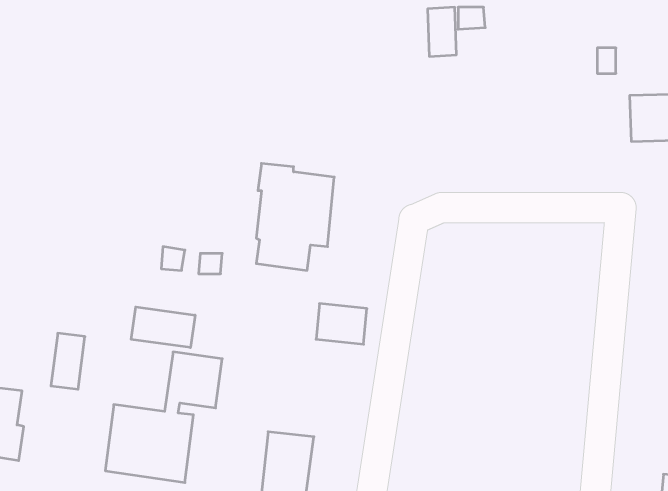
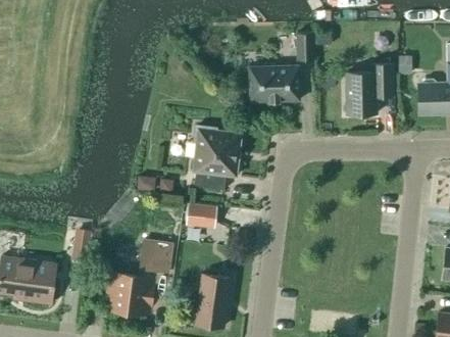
building: none -> [346,63,394,113]
building: none -> [249,65,300,102]
building: [316,304,367,344] -> [186,203,216,228]
building: [131,307,195,348] -> none

